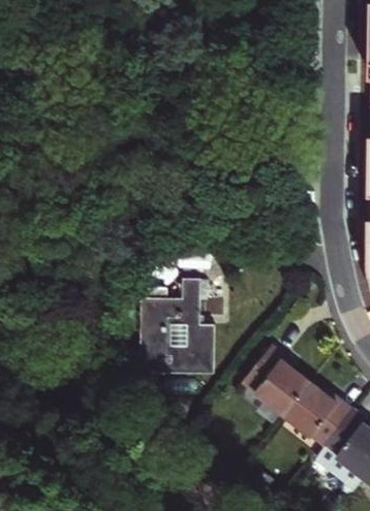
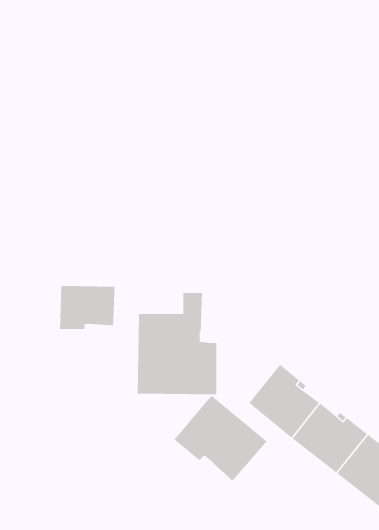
building: none -> [60,285,115,330]
building: none -> [173,395,268,481]

